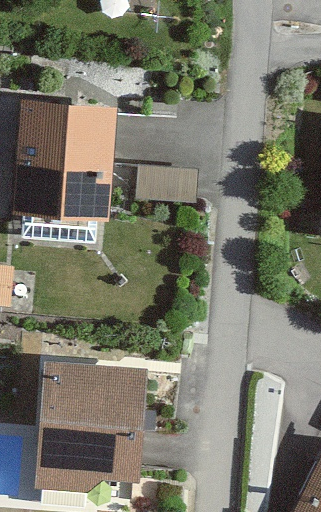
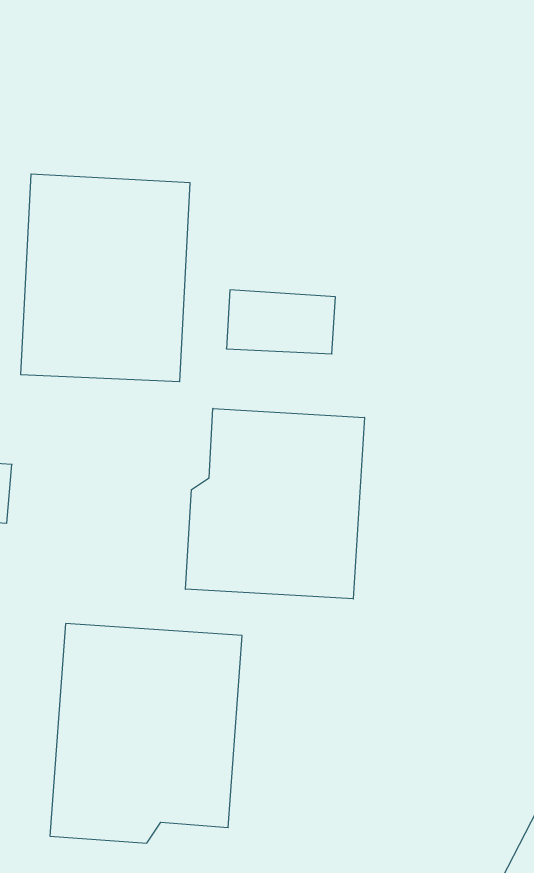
building: none -> [185,408,364,599]

